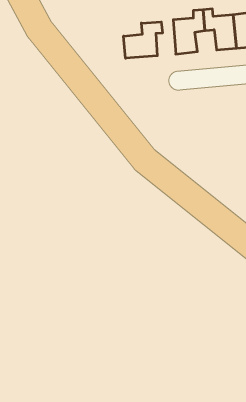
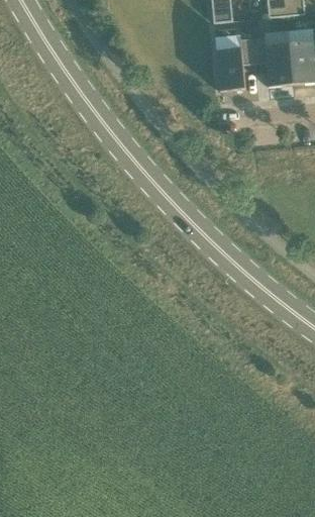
building: [124,22,162,58] -> none

